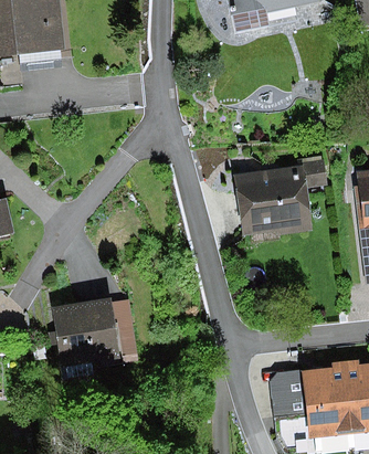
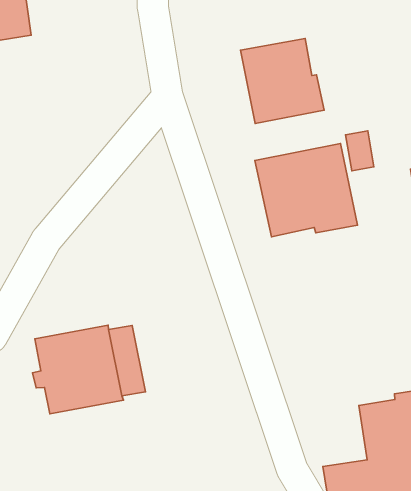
building: none -> [240,38,324,124]
building: [270,371,309,418] -> none

